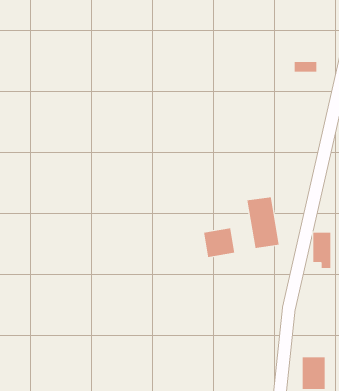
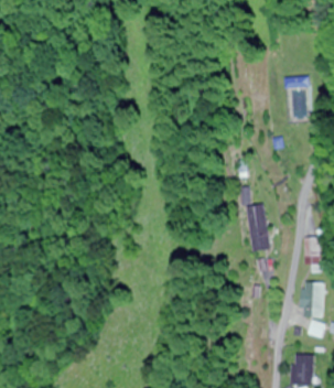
building: [203,227,235,258] -> none
building: none -> [301,283,323,317]

